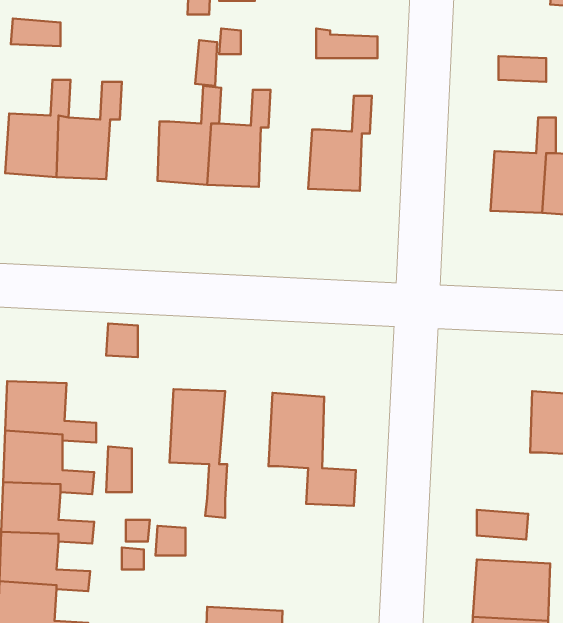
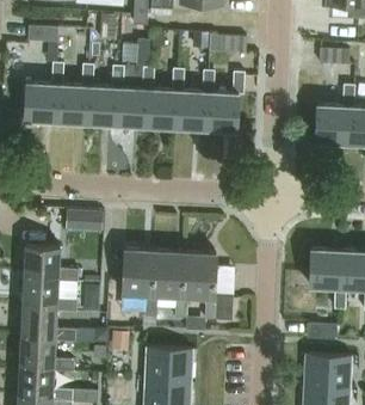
building: none -> [83,66,123,124]
building: none -> [175,70,214,129]
building: none -> [308,250,346,309]
building: none -> [151,251,187,318]
building: none -> [144,348,191,383]

